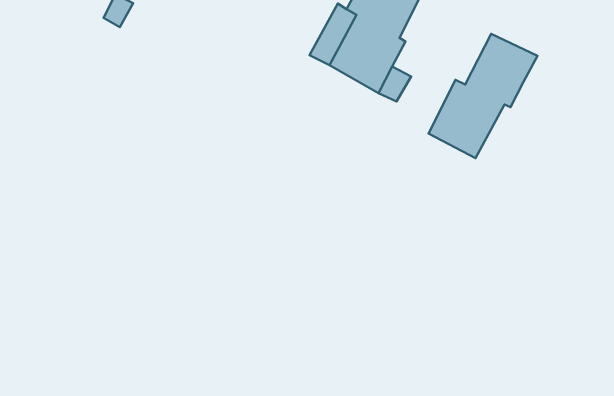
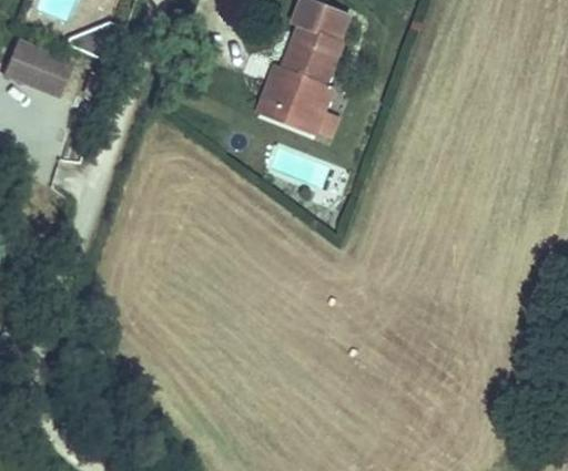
building: [428,34,537,158] -> none

